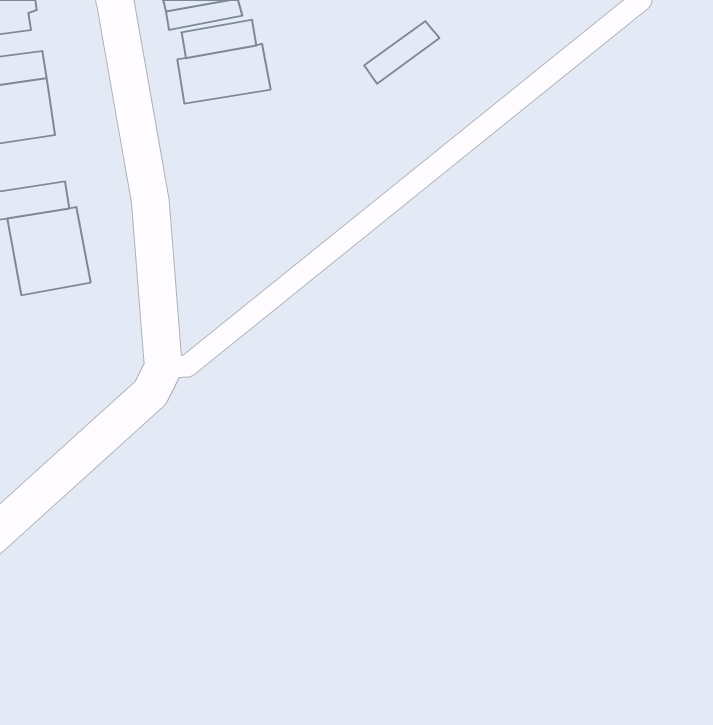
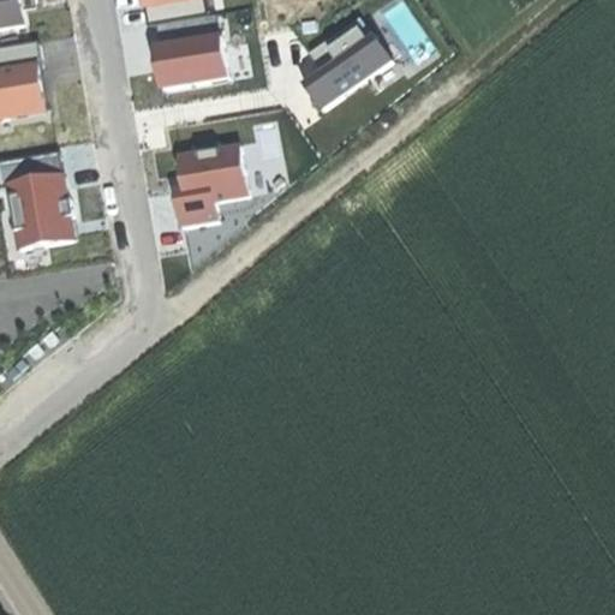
building: none -> [300,32,392,113]
building: none -> [167,143,243,227]

